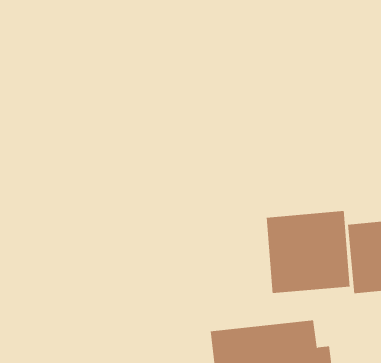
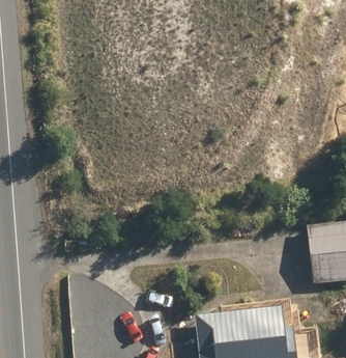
building: [266,210,350,294] -> none

